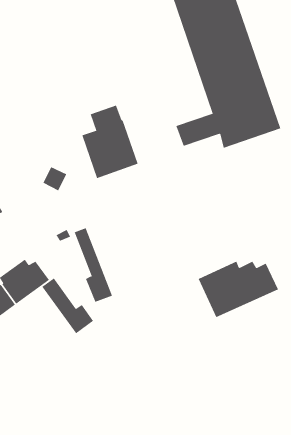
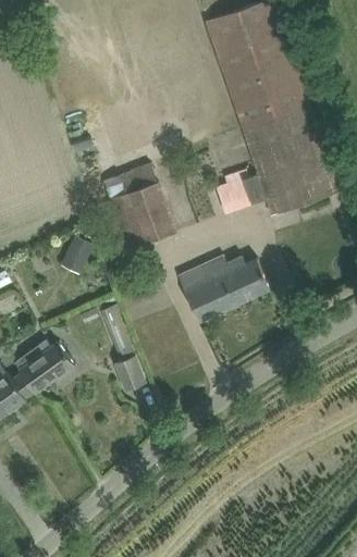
building: [198,261,279,318] -> [177,256,270,321]
building: [42,278,94,334] -> none

